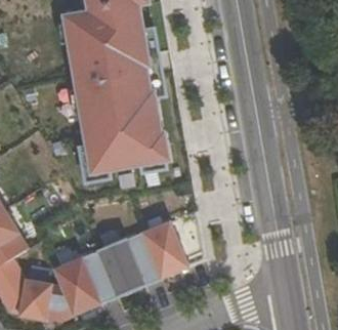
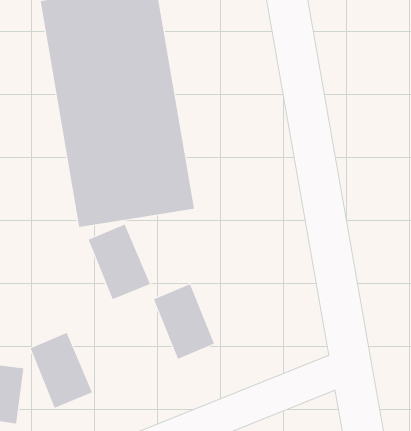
building: [98,242,143,296] -> [88,224,151,300]

